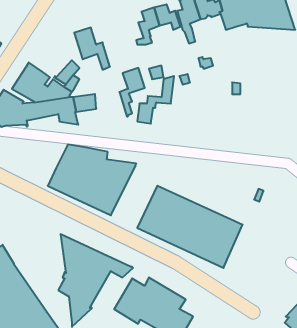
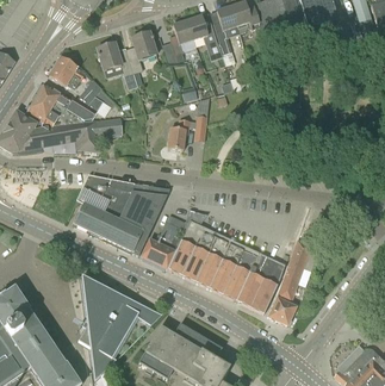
building: none -> [48,50,83,88]
building: [119,68,145,116] -> [128,31,156,86]
building: none -> [141,213,186,268]
building: none -> [269,239,312,323]

